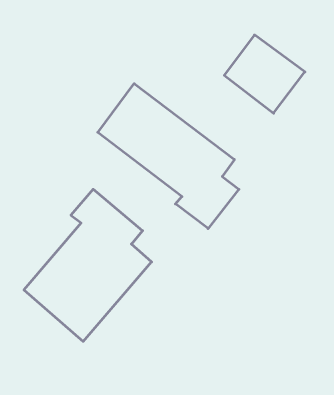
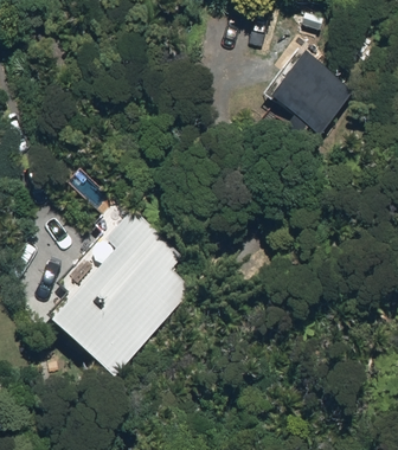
building: [98,84,239,229] -> none

